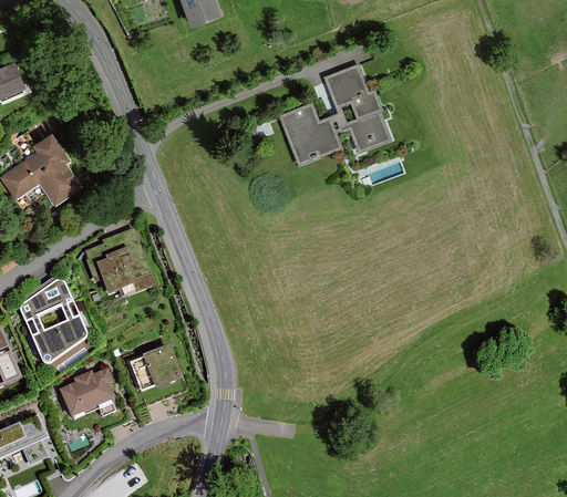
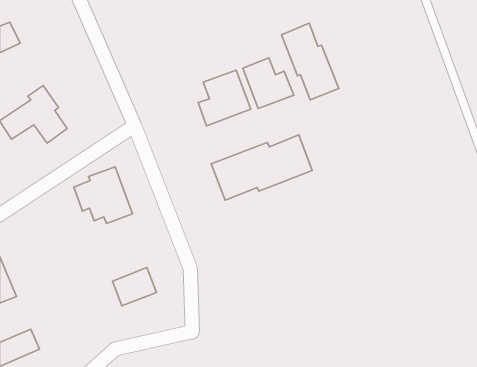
building: none -> [198,70,251,126]
building: none -> [211,135,312,200]
building: [20,281,86,364] -> none
building: [61,375,113,418] -> none

